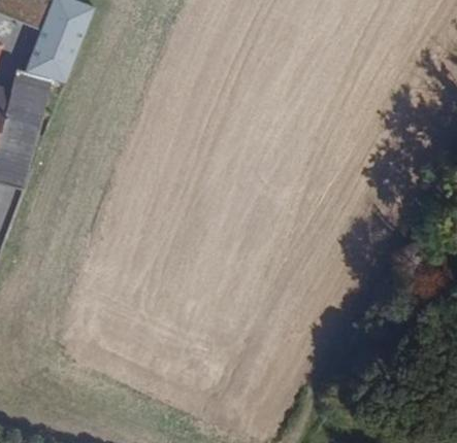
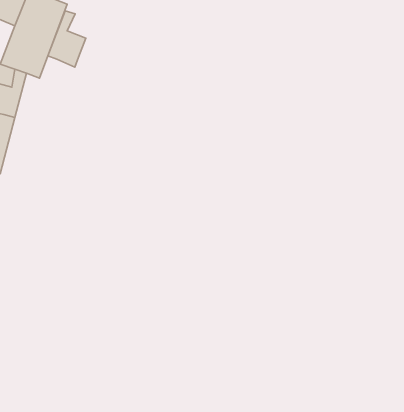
building: none -> [48,11,86,67]

